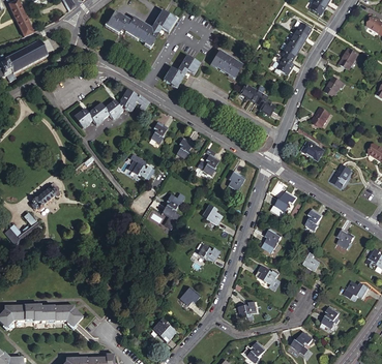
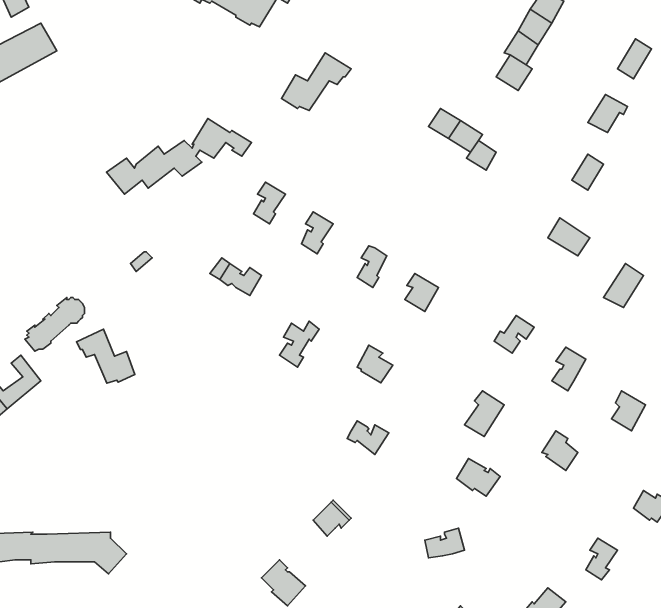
building: [212,50,242,75] -> none
building: none -> [77,329,135,383]

